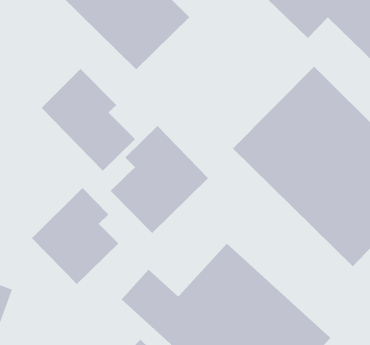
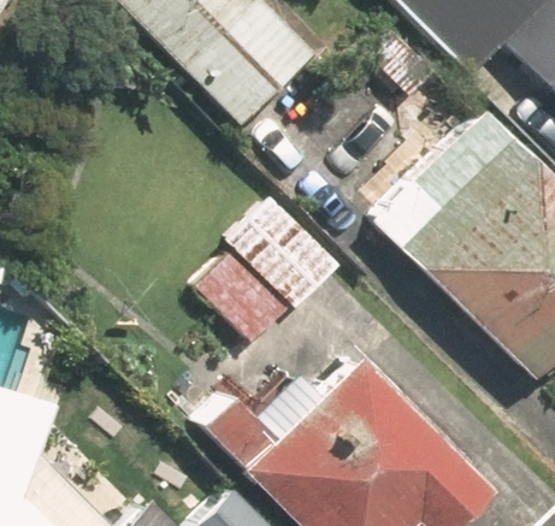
building: [41,68,136,172] -> none
building: [31,187,119,285] -> none

